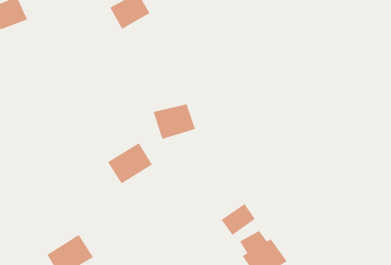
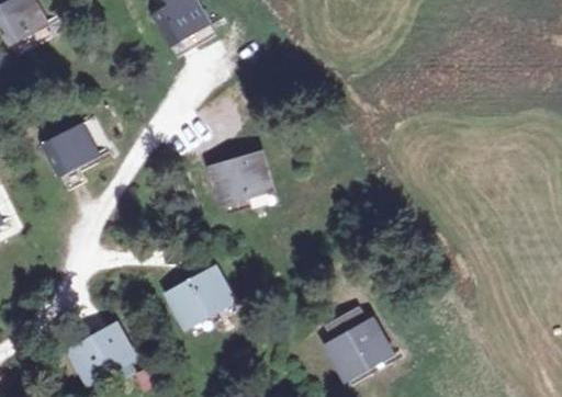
building: none -> [44,123,101,173]
building: [107,143,153,184] -> [169,270,231,326]
building: [221,203,255,236] -> none

